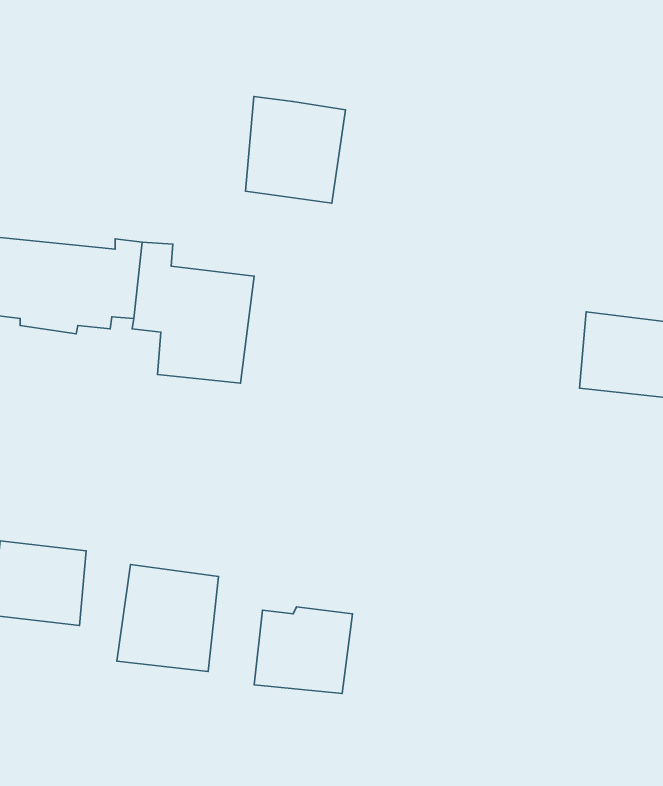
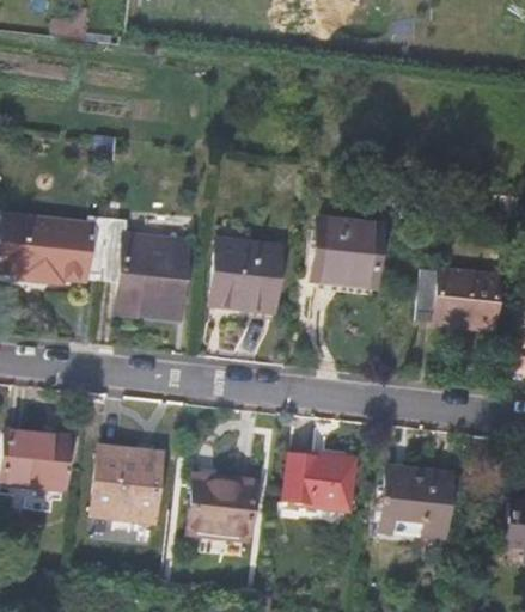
building: [245,96,345,203] -> [212,237,282,312]
building: none -> [312,220,384,284]
building: none -> [286,452,355,506]
building: none -> [379,467,453,537]

